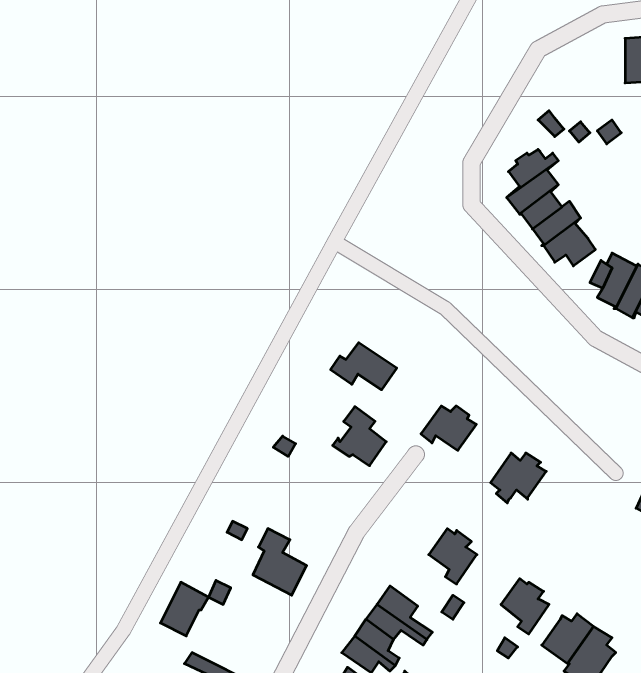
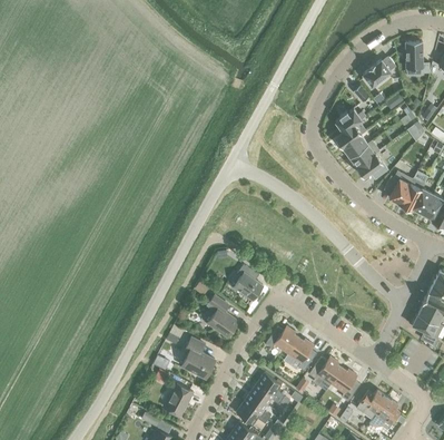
building: none -> [362,57,394,86]
building: [331,343,397,390] -> none
building: [421,406,476,450] -> [265,326,298,353]
building: [491,453,546,503] -> [308,356,342,387]
building: none -> [207,295,237,336]
building: [160,582,208,636] -> [164,383,193,415]

